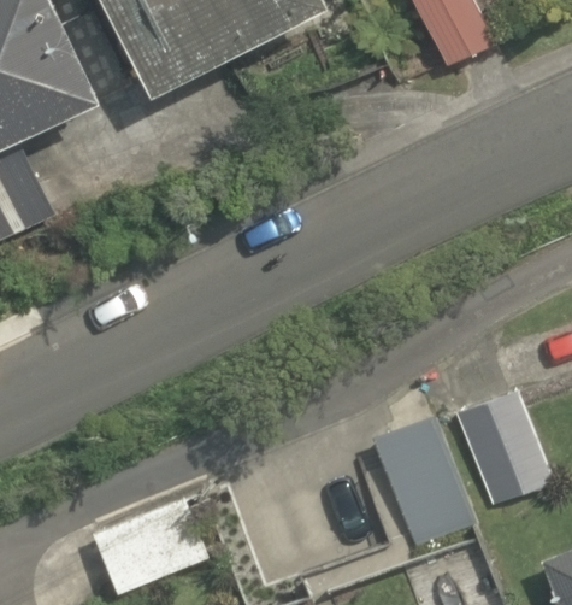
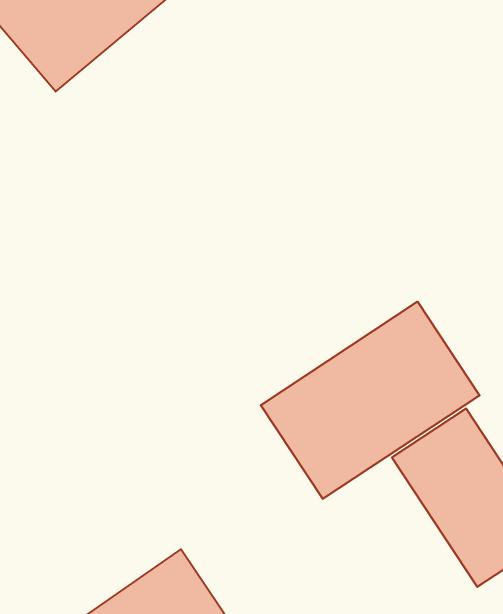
building: none -> [261,302,480,499]

